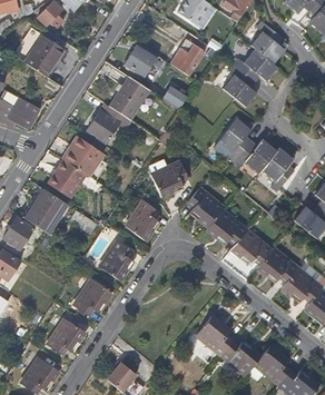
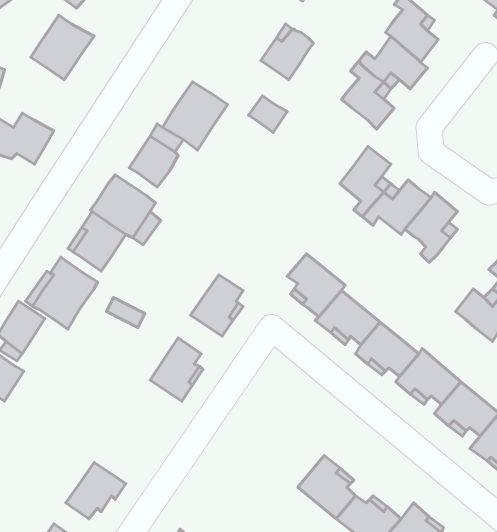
building: [125,46,156,78] -> none
building: [152,160,188,196] -> none
building: [73,278,111,315] -> none

